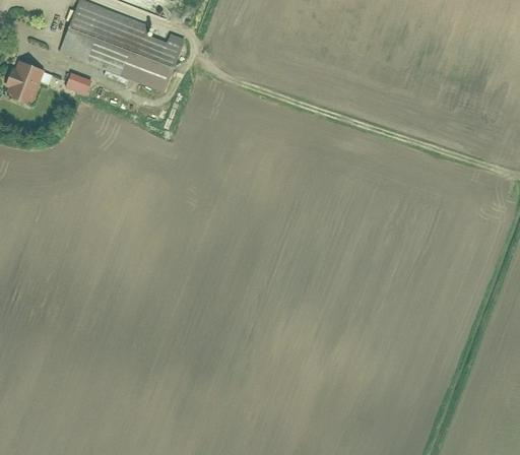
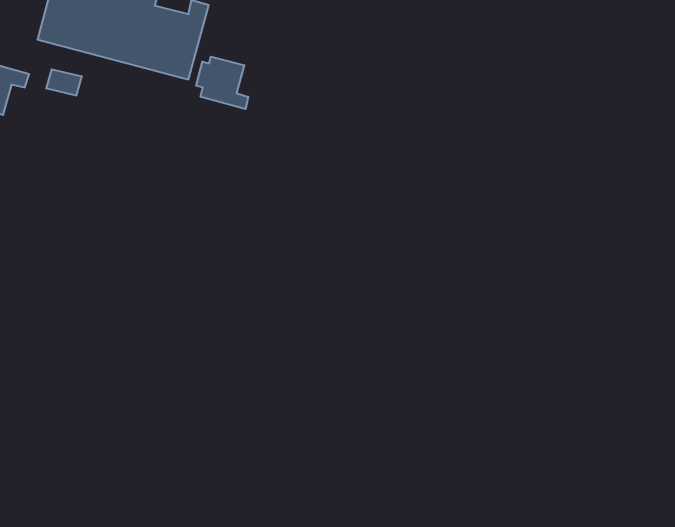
building: none -> [196,57,248,109]

